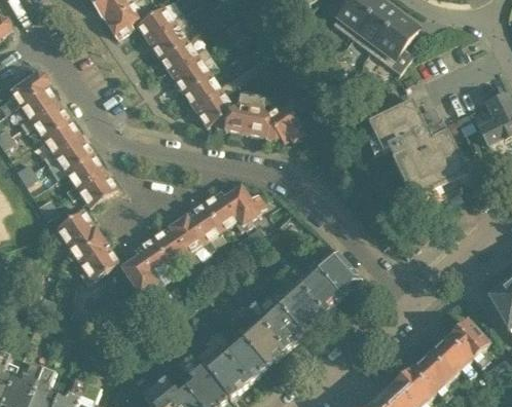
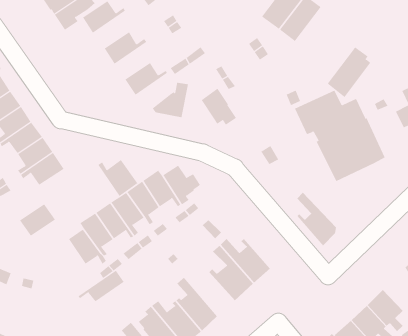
building: [368,9,416,65] -> [327,47,371,98]
building: [147,15,187,57] -> none
building: [171,49,219,90] -> none
building: [193,83,233,126] -> none
building: [245,96,279,138] -> none
building: none -> [97,159,138,197]
building: [56,209,95,245] -> none
building: [313,237,357,297] -> [296,192,337,246]
building: [78,244,118,283] -> none
building: none -> [78,270,124,302]
building: [247,300,302,349] -> none

